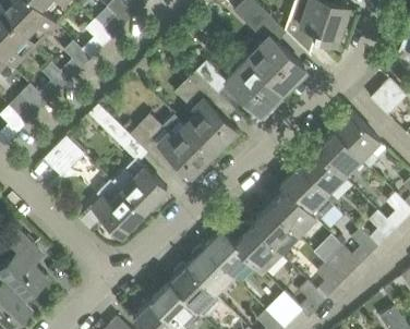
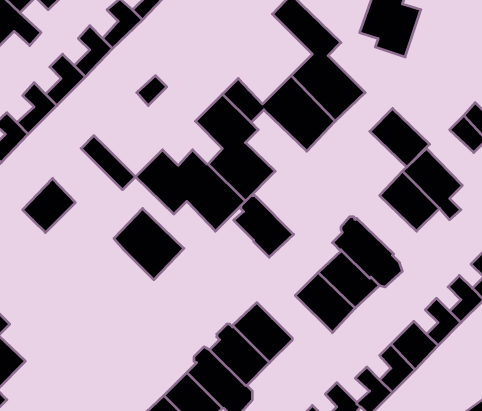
building: [299,150,345,195] -> [370,108,430,167]
building: [93,180,144,237] -> none
building: [234,226,280,272] -> [234,196,294,257]

